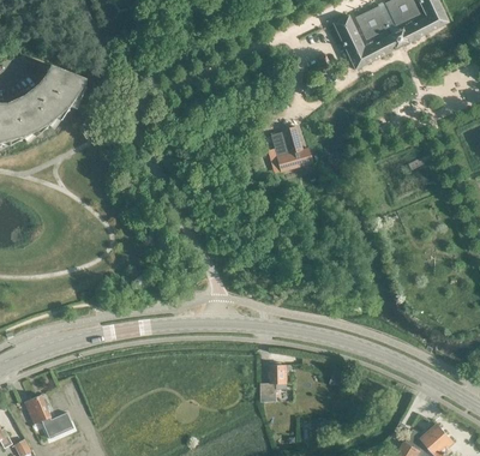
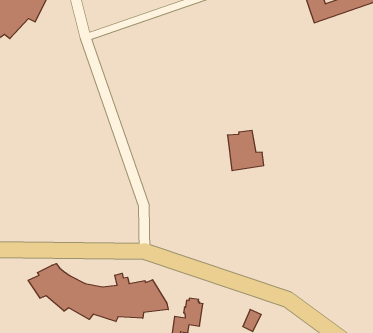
building: [270,126,311,169] -> [227,130,264,171]
building: none -> [28,264,168,322]

